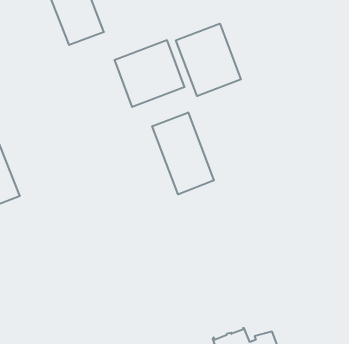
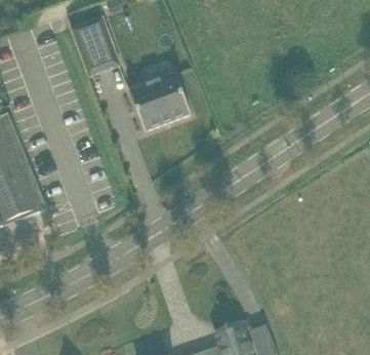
building: [176,24,241,96] -> none
building: [152,112,214,194] -> none

